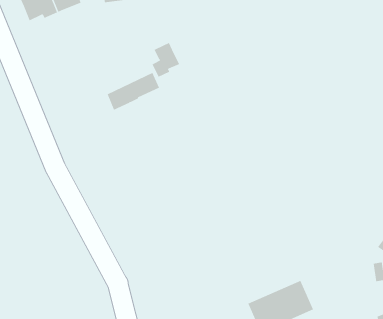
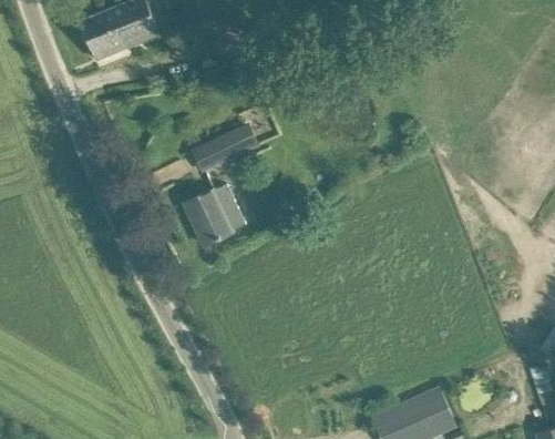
building: [152,42,180,77] -> none
building: none -> [184,185,246,246]

